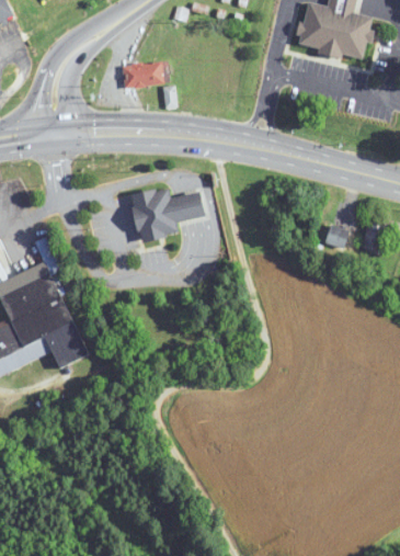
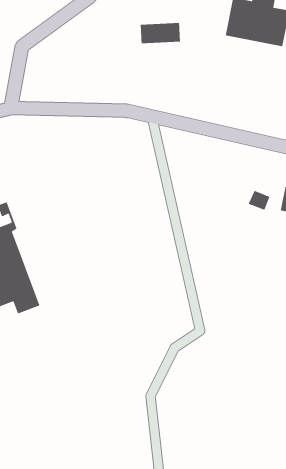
building: [121,61,168,87] -> [140,22,181,44]
building: [132,186,205,240] -> none

